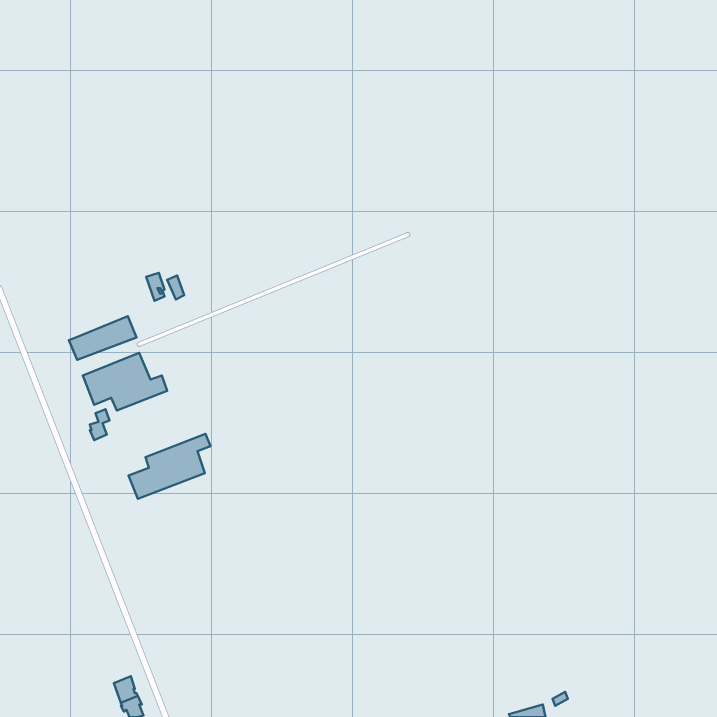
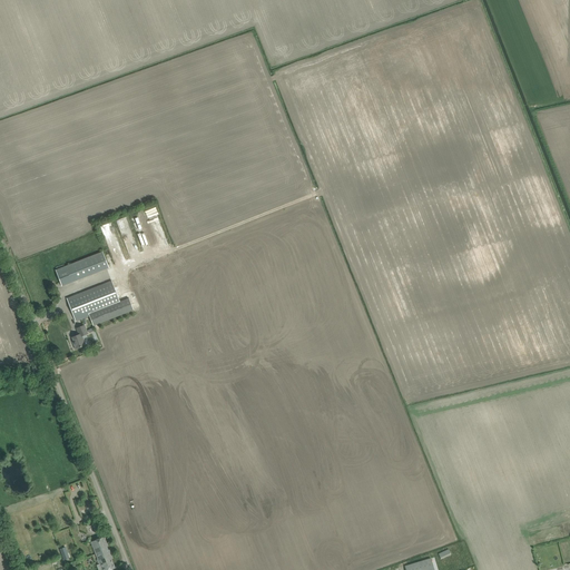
building: [128,434,211,499] -> none

